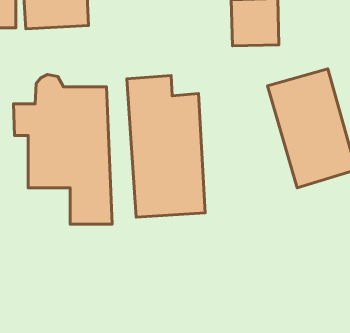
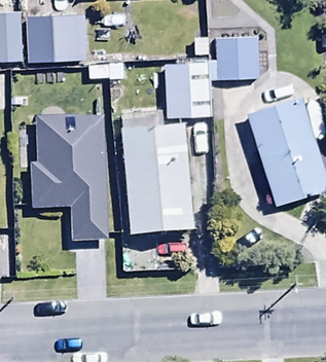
building: none -> [166,65,212,118]

